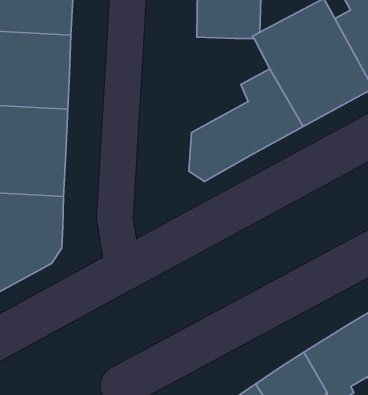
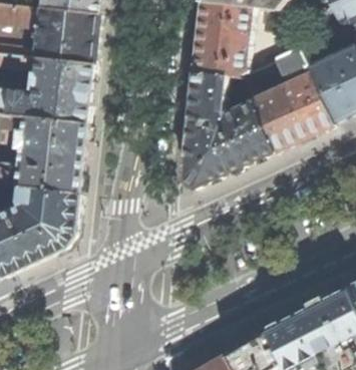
building: none -> [184,72,231,148]

